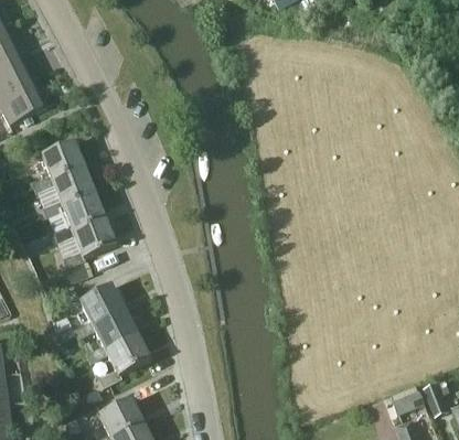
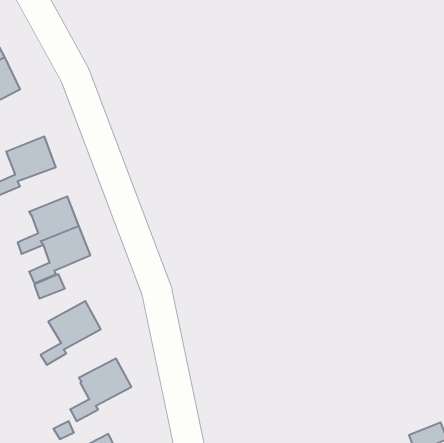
building: [42,167,95,216] -> none
building: [85,307,137,362] -> none

